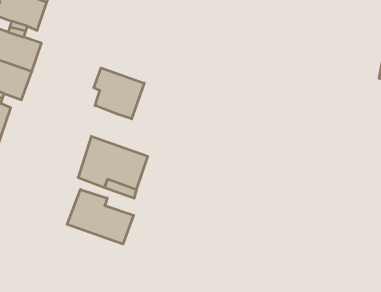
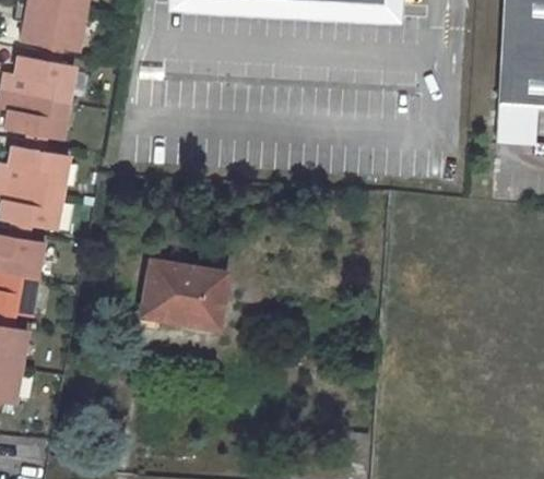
building: [94,68,144,119] -> none
building: [67,189,134,244] -> none

